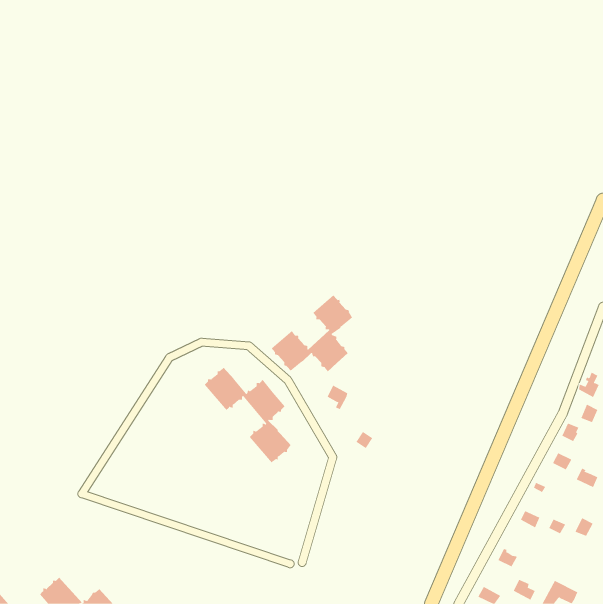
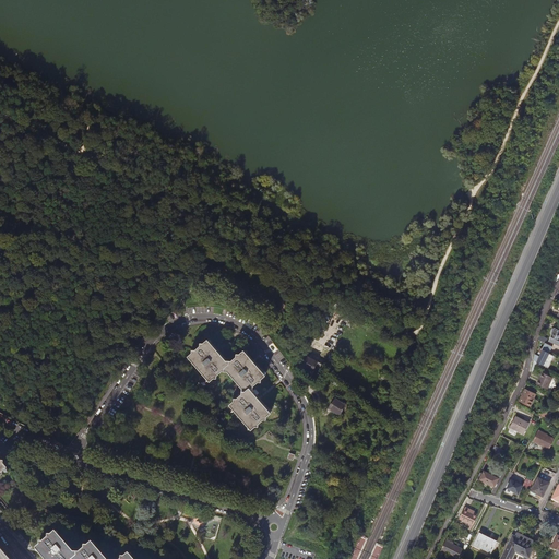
building: [271,294,353,372] -> none

